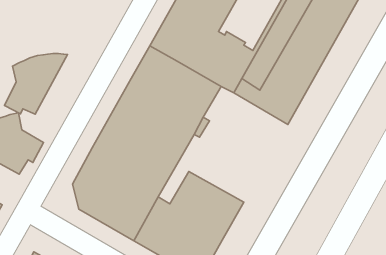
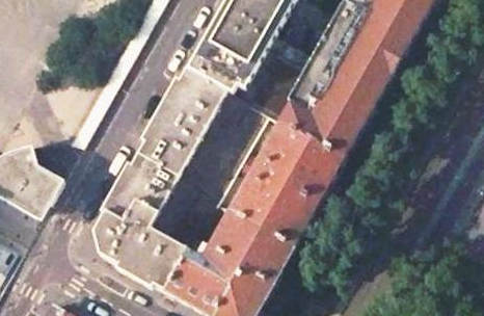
building: [4,53,68,114] -> none
building: none -> [228,122,343,247]

